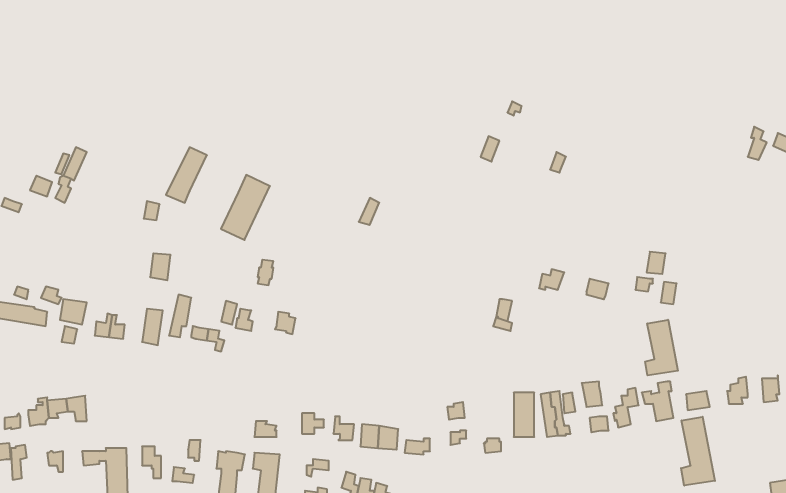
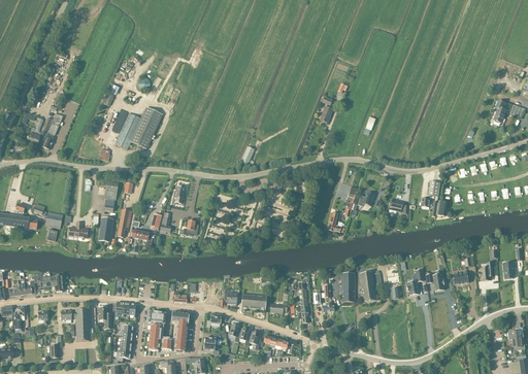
building: [221,175,270,240] -> [130,106,162,148]
building: [645,320,678,375] -> none
building: [681,417,715,486] -> none

